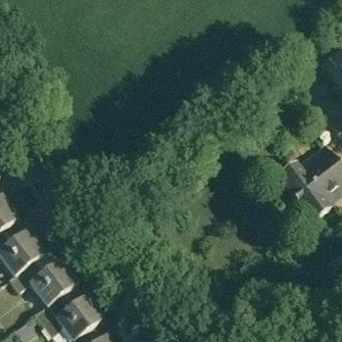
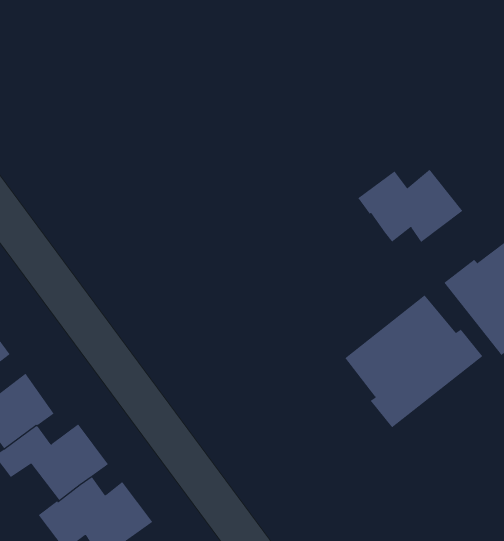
building: none -> [357,169,463,243]
building: none -> [344,295,483,428]

